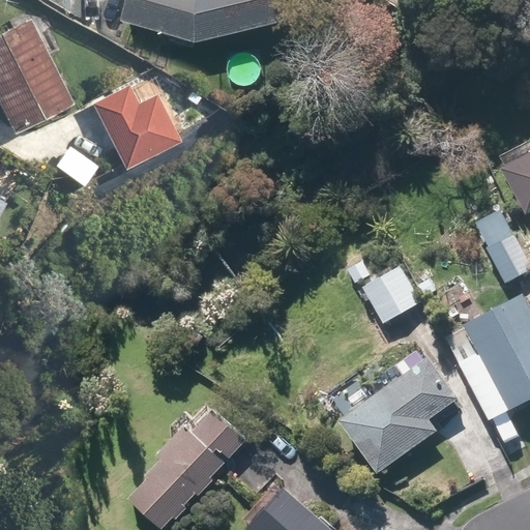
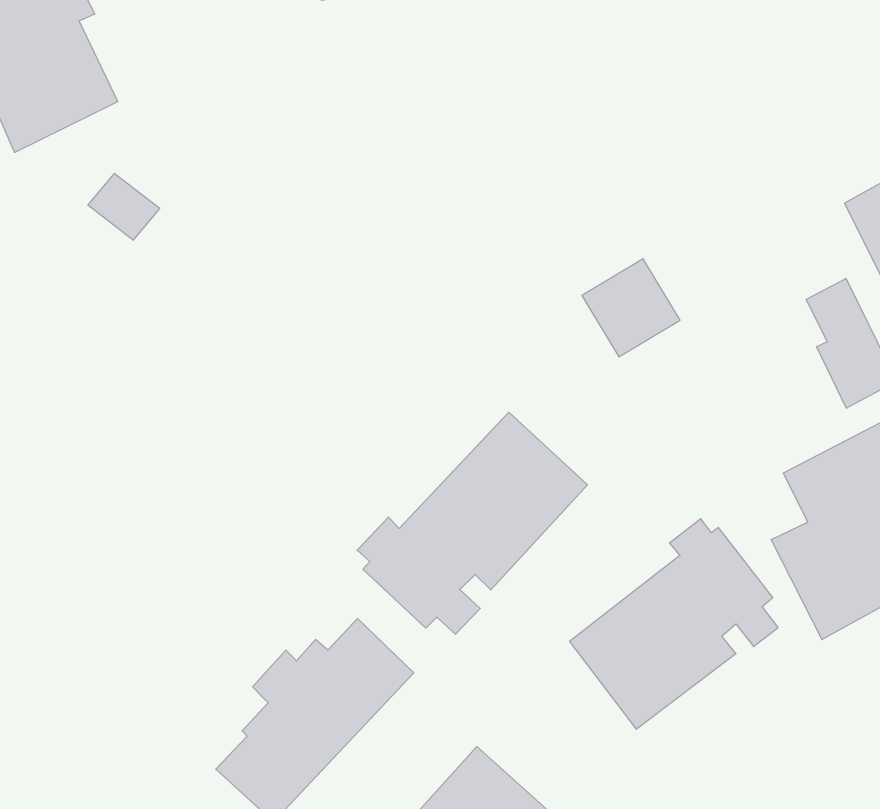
building: [89,82,180,168] -> none
building: [362,264,420,322] -> [582,259,680,357]
building: none -> [357,412,587,634]

